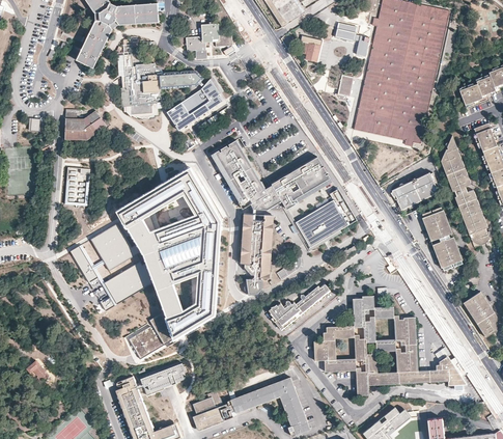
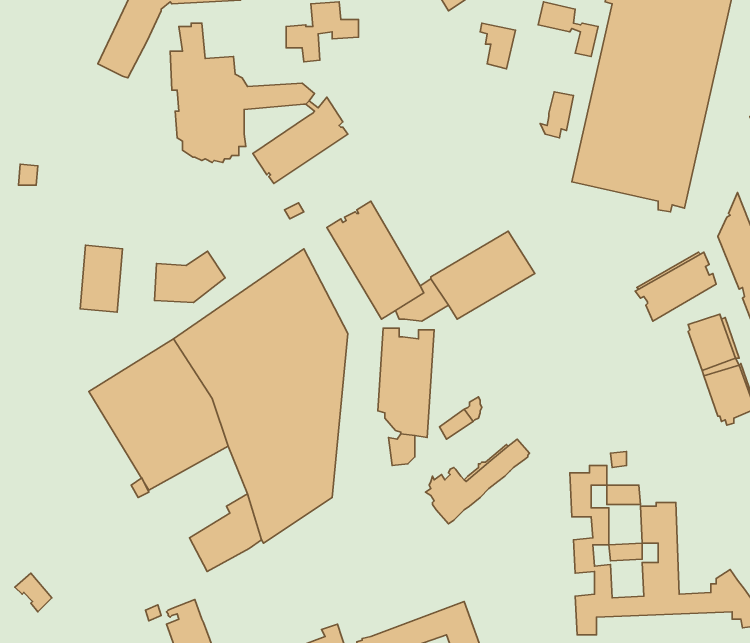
building: [63,110,105,140] -> [155,251,225,302]
building: [297,191,356,247] -> none
building: [314,326,356,372] -> none
building: [140,363,185,395] -> none

